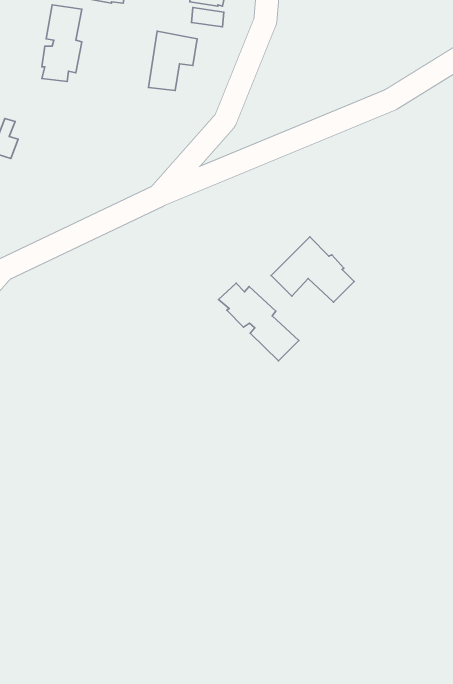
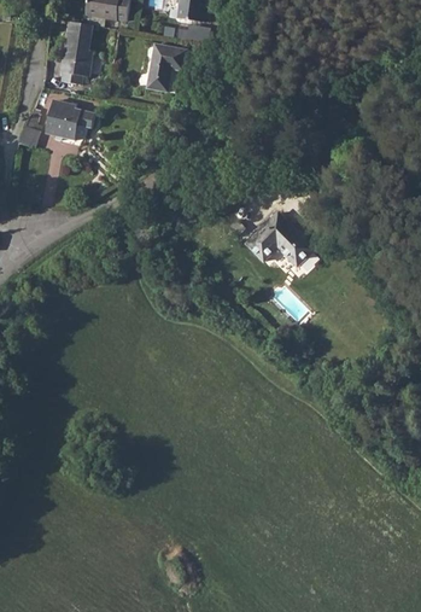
building: none -> [46,100,93,140]
building: [218,283,299,361] -> none

